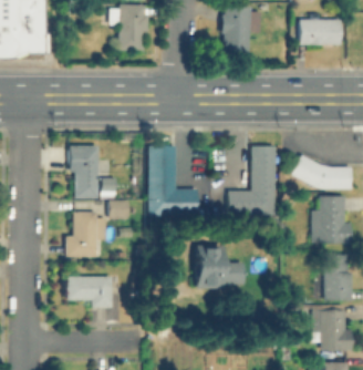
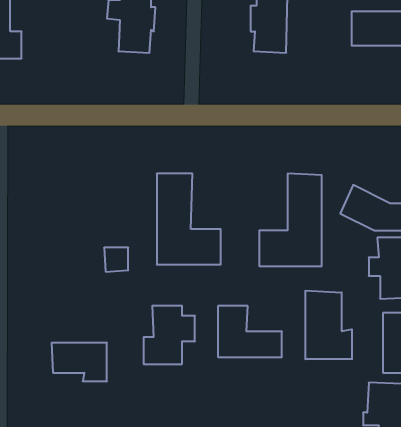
building: [69,145,96,197] -> none
building: [66,212,106,257] -> [144,306,195,364]
building: none -> [305,291,352,359]

